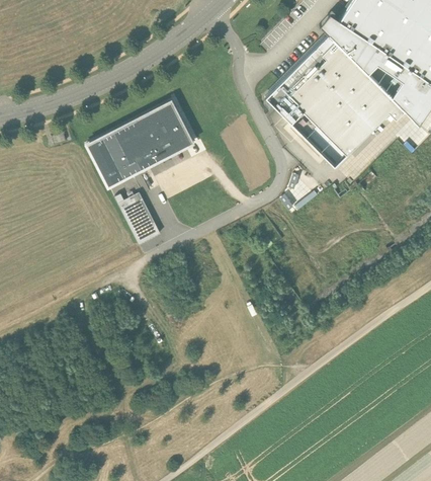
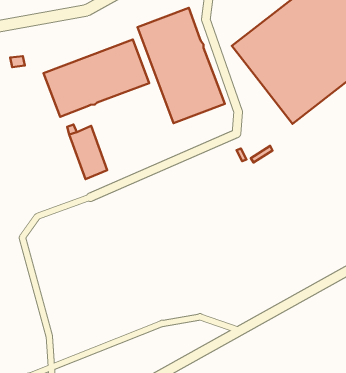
building: none -> [137,8,225,123]

